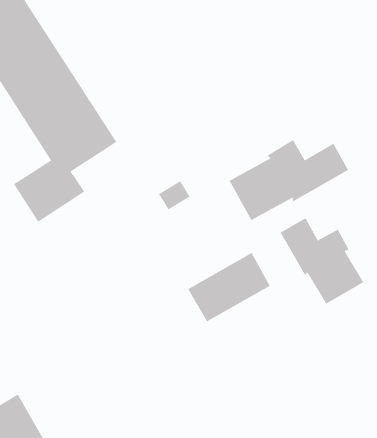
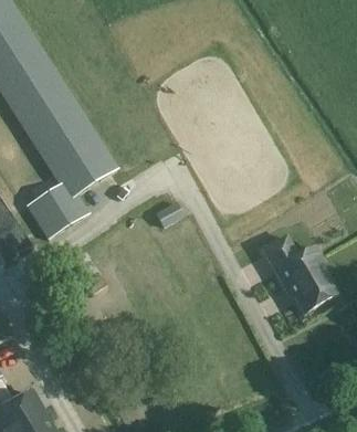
building: [229,139,349,221] -> none
building: [188,252,271,322] -> none

